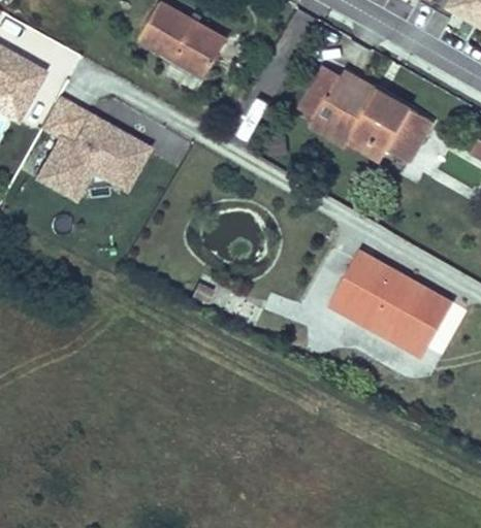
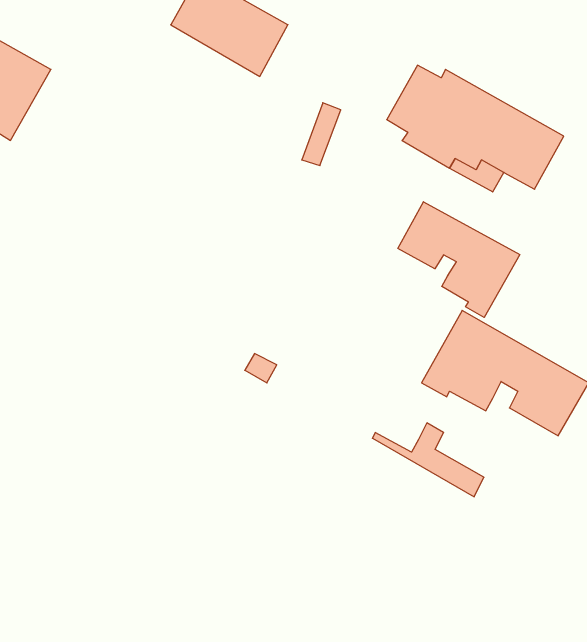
building: [36,97,153,200] -> none
building: none -> [398,202,520,317]
building: [344,302,426,357] -> [372,423,484,497]

